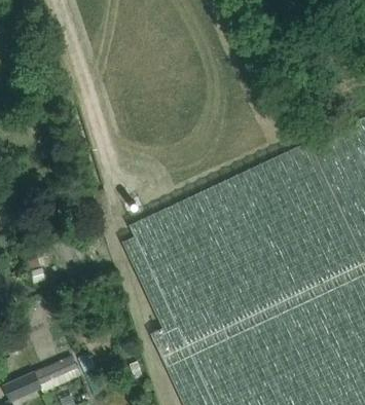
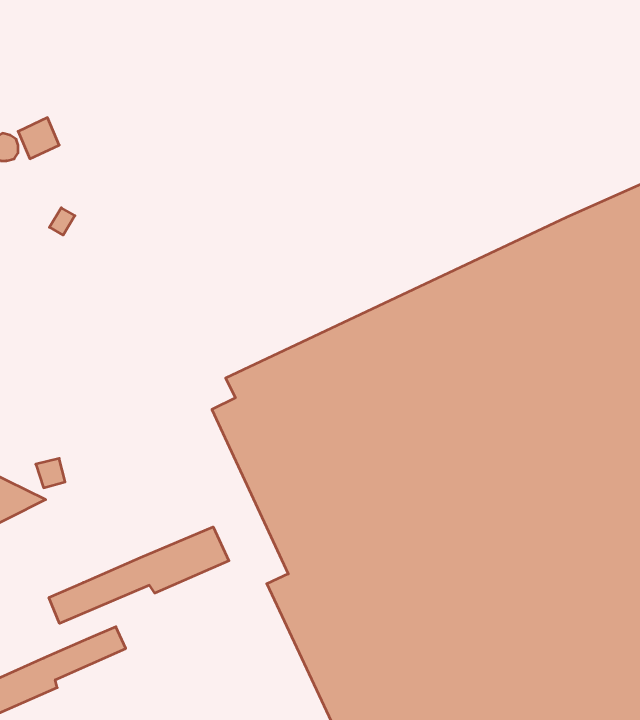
building: none -> [49,527,229,623]

